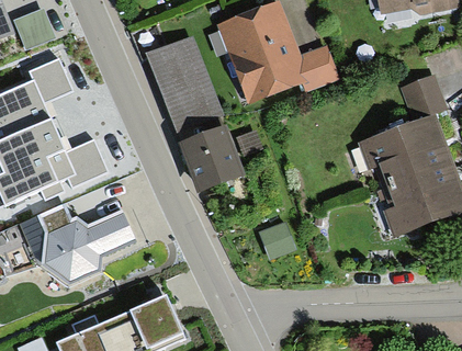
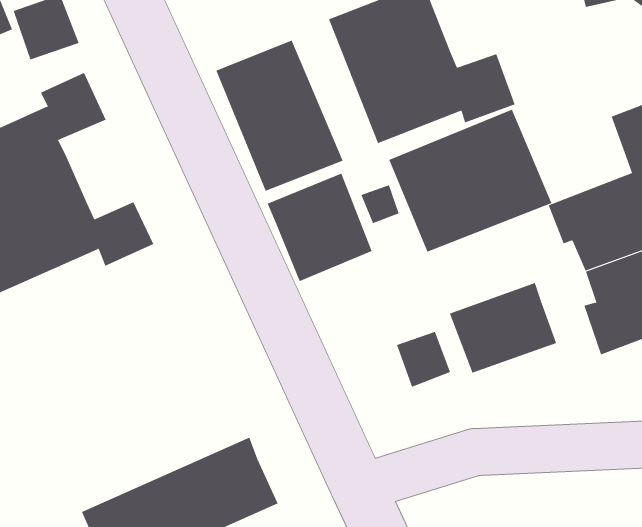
building: none -> [388,109,552,253]
building: none -> [449,282,557,373]
building: [21,200,137,284] -> none

